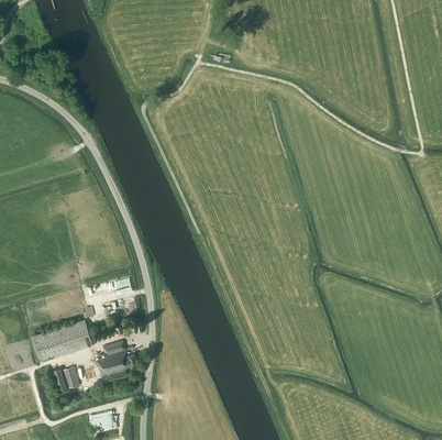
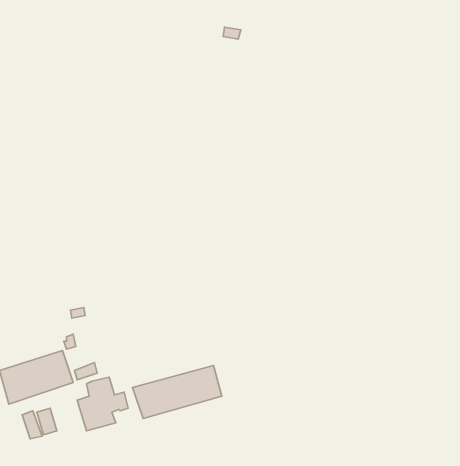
building: none -> [133,366,222,418]

